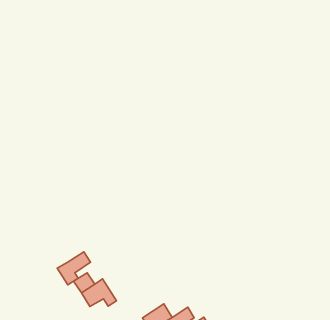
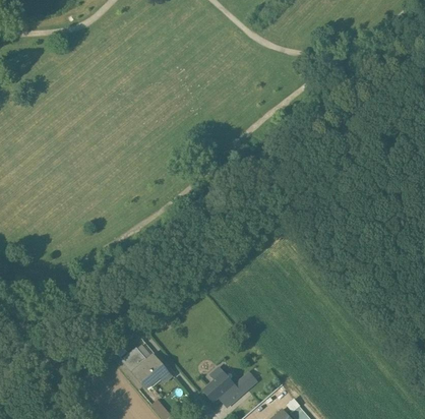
building: [57,252,91,285] -> none

